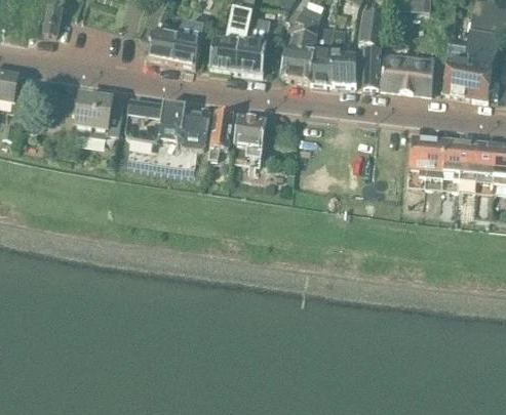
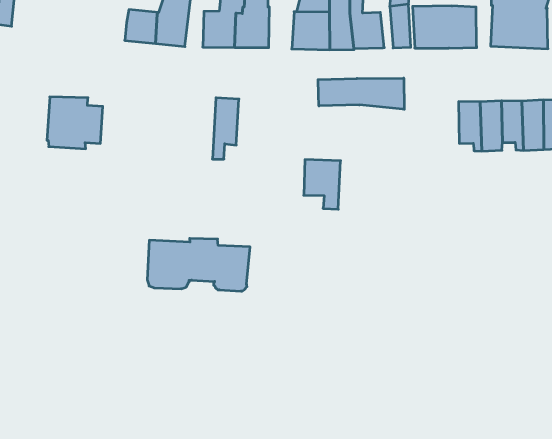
building: [125,97,211,147] -> [147,238,250,291]
building: none -> [318,78,404,109]
building: [234,113,267,156] -> [304,160,341,209]

